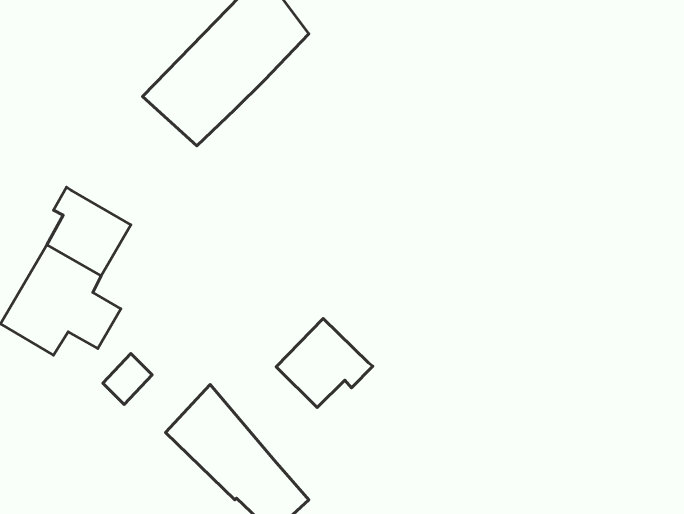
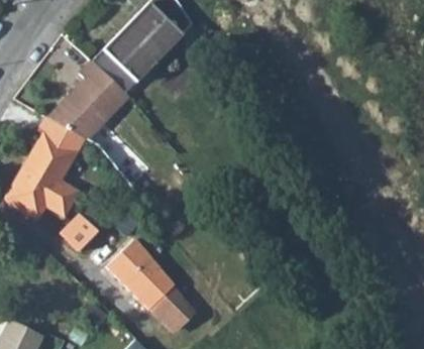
building: none -> [46,63,127,143]
building: [276,319,373,407] -> none

